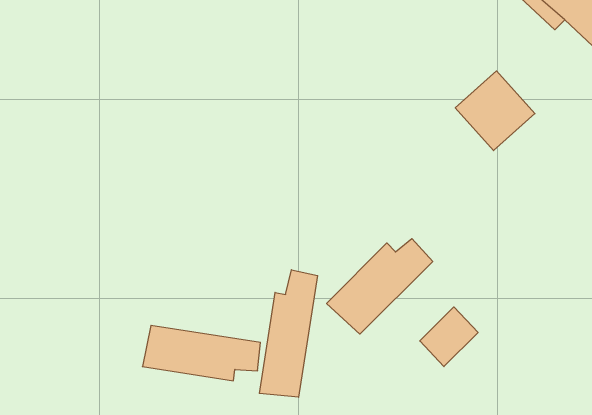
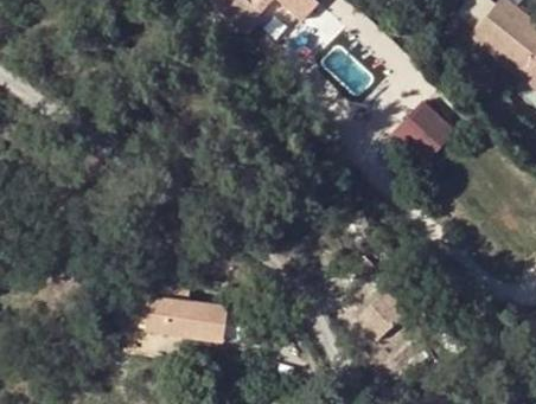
building: [327,239,433,334] -> none
building: [259,270,318,397] -> none

